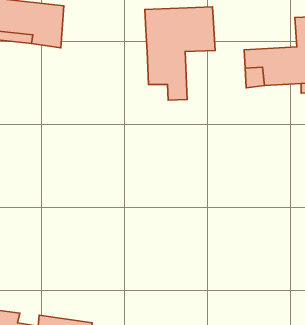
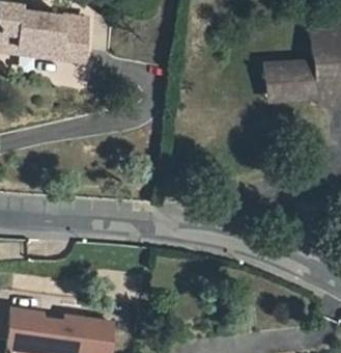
building: [145,7,215,100] -> none

